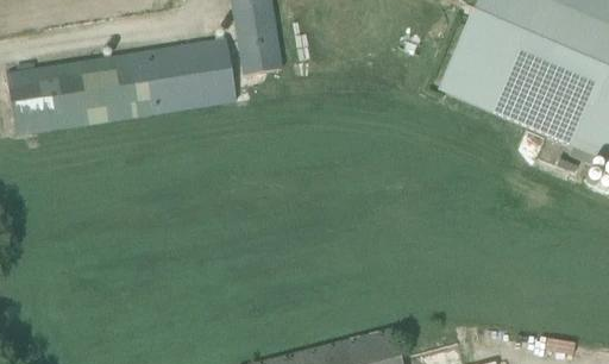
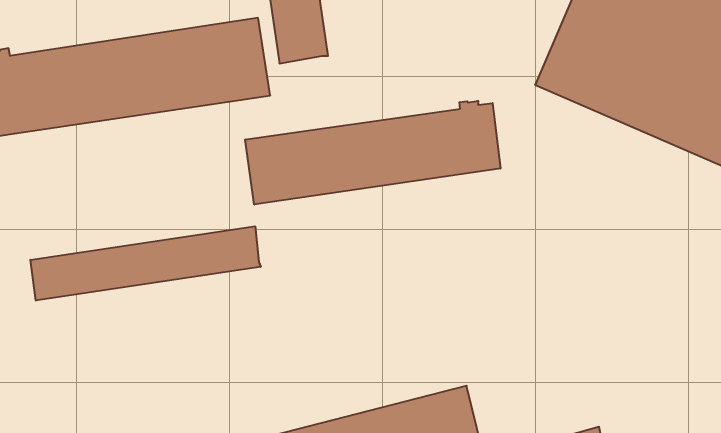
building: none -> [245,101,500,205]
building: none -> [30,226,261,301]

